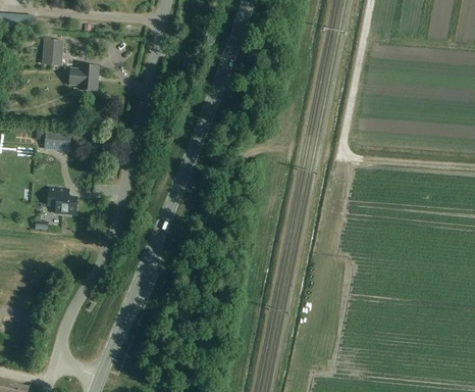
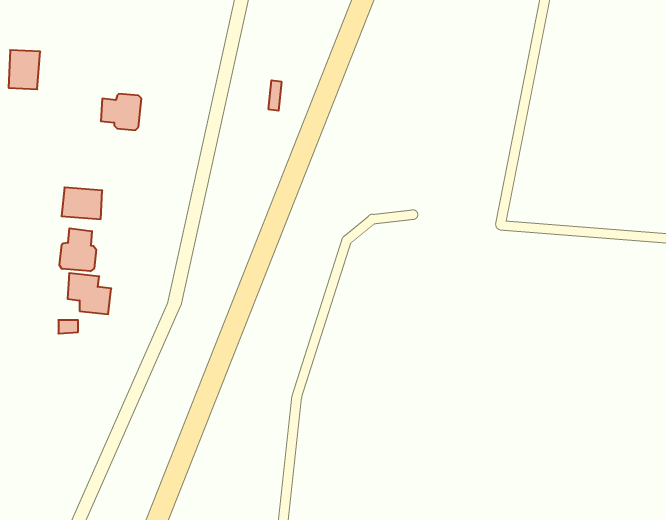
building: [42,40,63,66] -> [9,50,40,89]
building: none -> [60,228,96,271]

